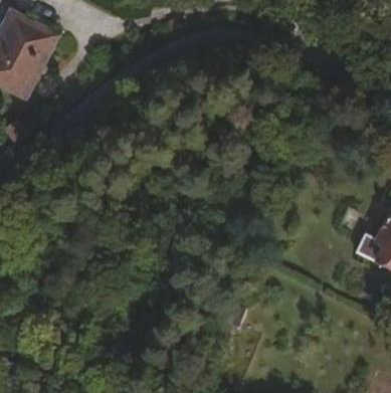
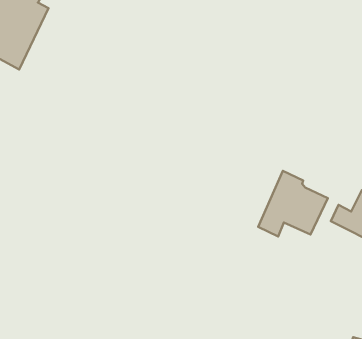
building: none -> [258,171,328,237]

